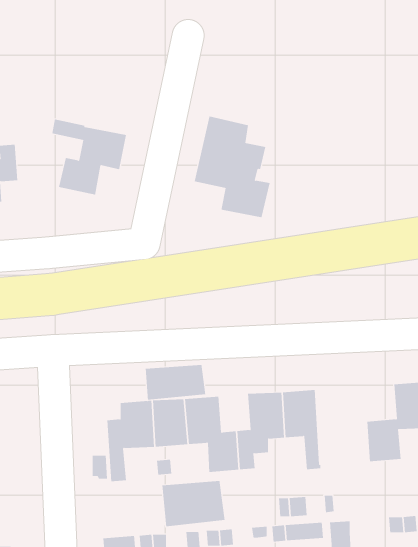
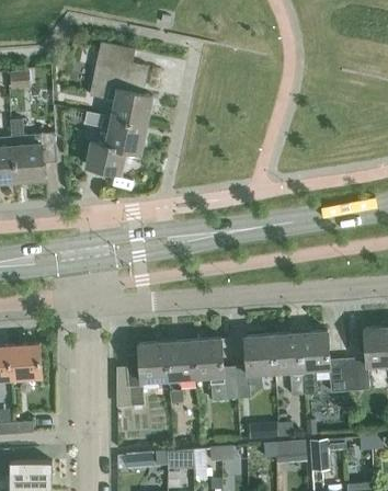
building: [194,116,270,218] -> [89,42,151,125]
building: [145,364,206,401] -> none
building: none -> [299,331,343,395]
building: [162,480,225,527] -> none

